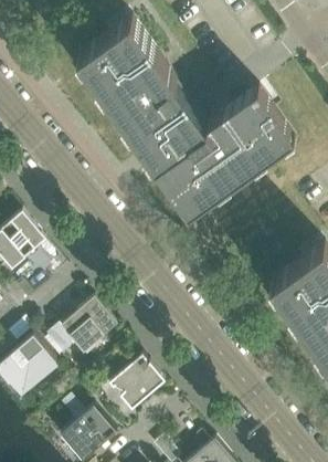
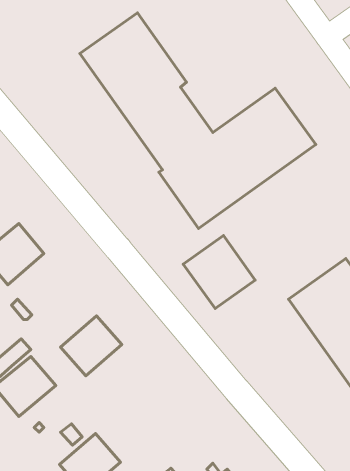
building: none -> [183,236,255,309]
building: [108,353,165,408] -> none

